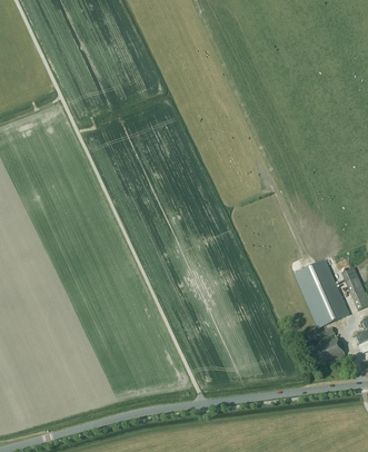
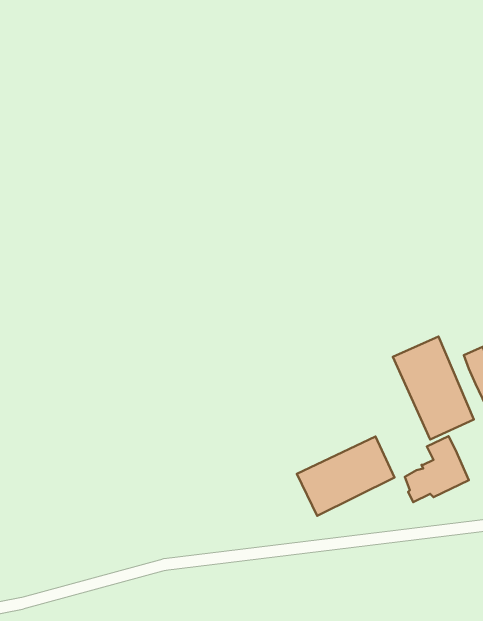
building: none -> [297,436,394,516]

